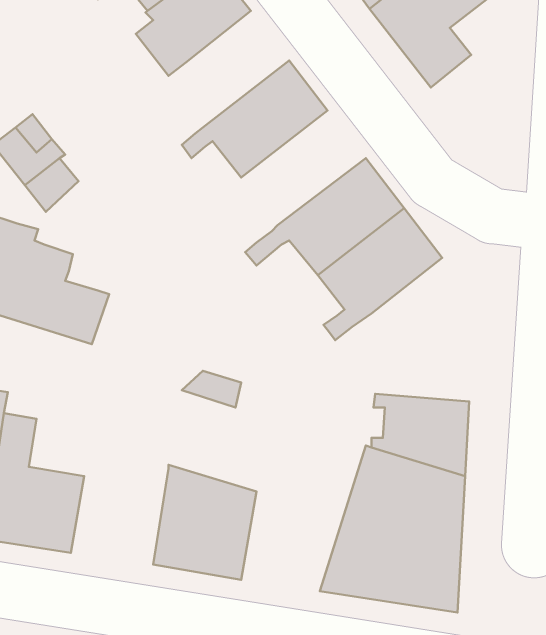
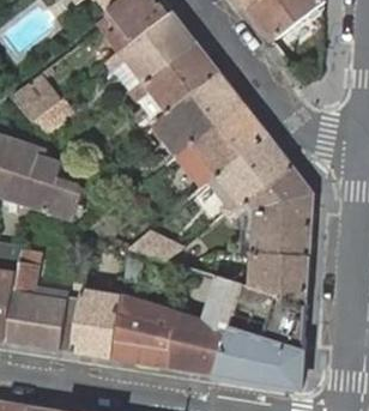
building: none -> [104,12,195,85]
building: none -> [151,74,243,157]
building: none -> [247,167,313,256]
building: none -> [165,276,243,375]
building: none -> [72,292,120,358]

